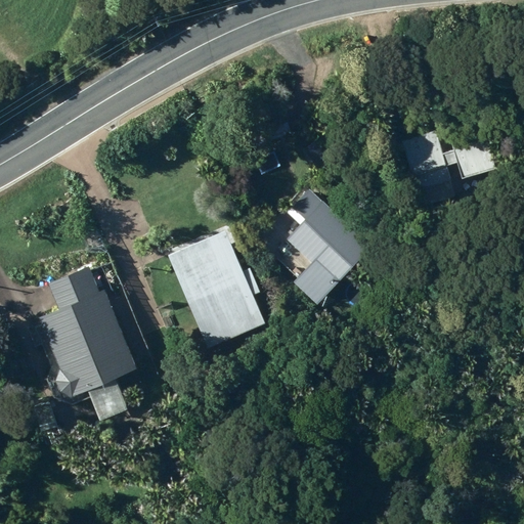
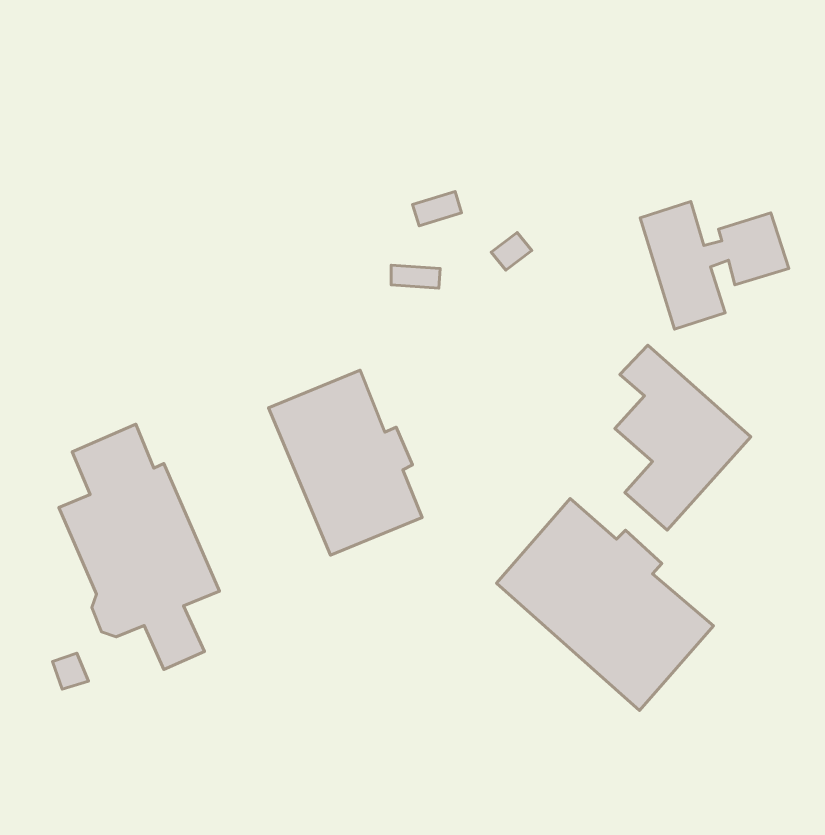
building: [286,188,370,304] -> [615,345,751,530]
building: none -> [496,498,713,711]

